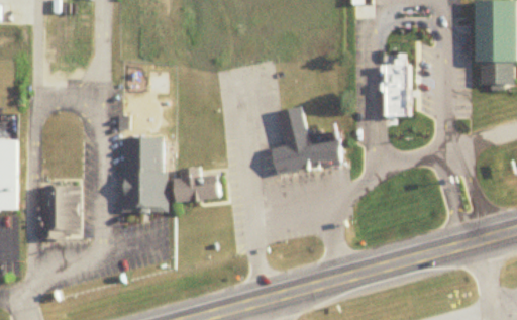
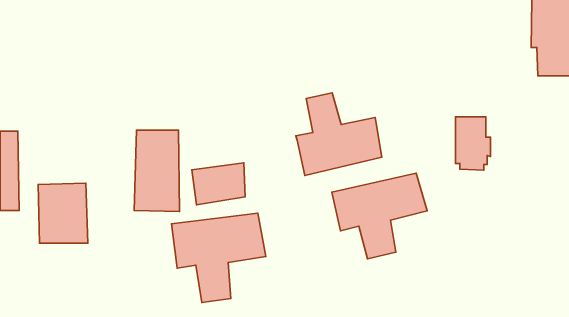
building: [384,65,415,112] -> [455,117,490,170]
building: none -> [332,173,427,259]
building: none -> [171,213,266,302]

